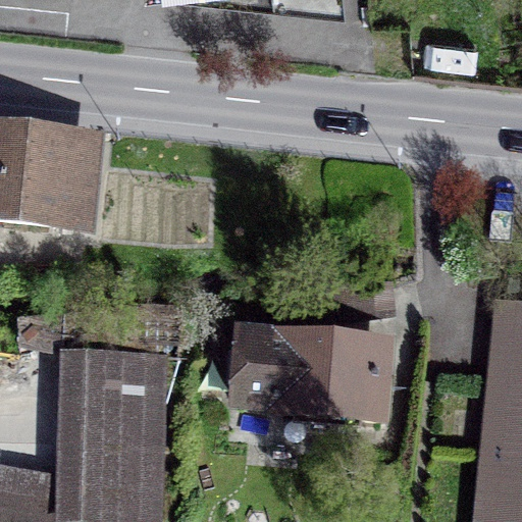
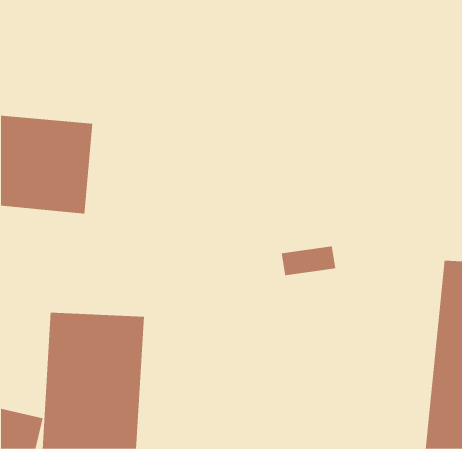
building: [224,325,390,428] -> none

